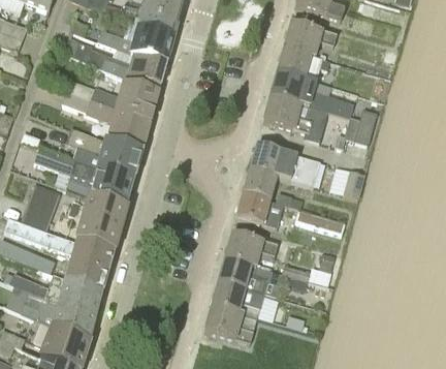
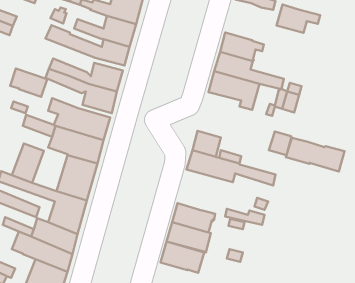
building: [283,22,337,57] -> [277,4,320,33]
building: none -> [10,69,47,97]
building: [249,145,321,186] -> [286,138,345,171]
building: [224,233,278,267] -> none

